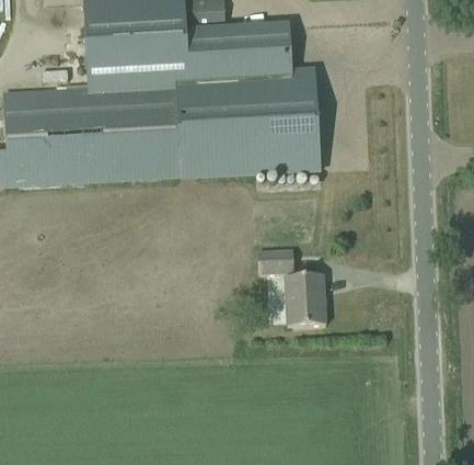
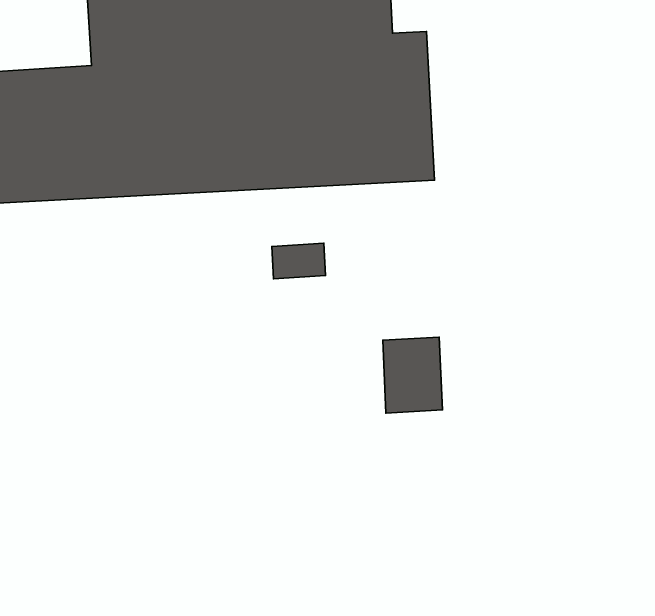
building: [257,248,293,272] -> [272,243,325,279]

